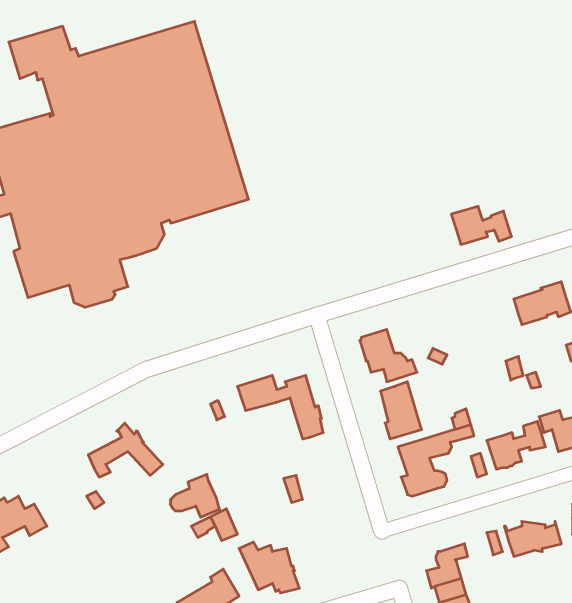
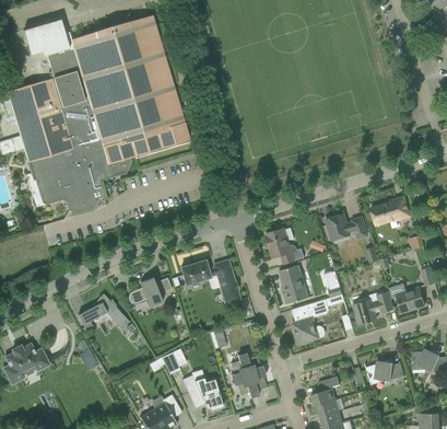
building: [451,206,512,244] -> [326,213,367,240]
building: [170,474,220,517] -> [129,277,163,306]
building: none -> [231,352,267,397]

